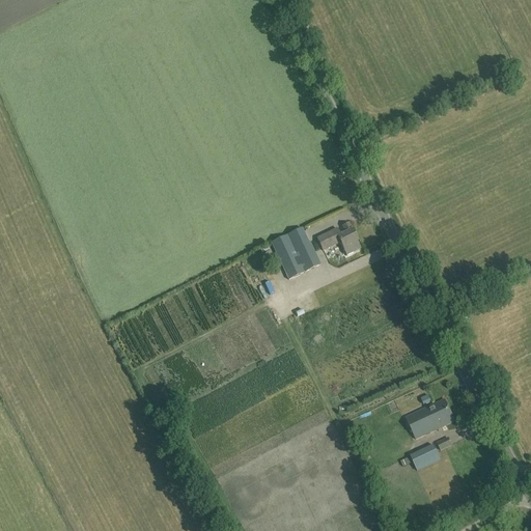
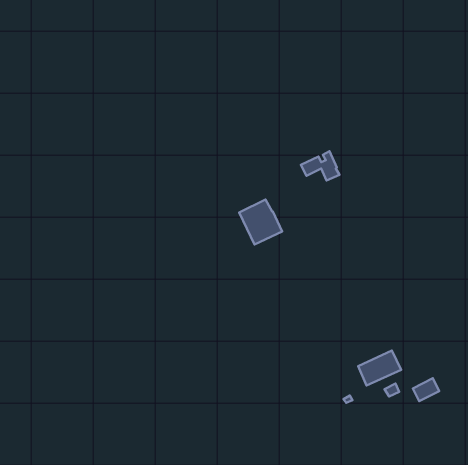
building: [316,220,360,253] -> [301,151,339,180]
building: [410,443,440,469] -> [413,378,439,401]

